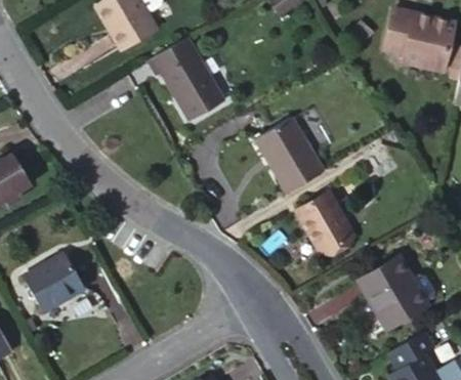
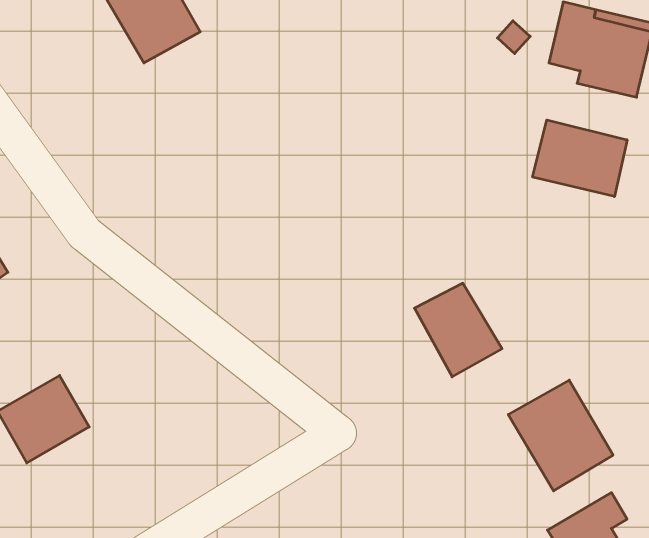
building: [146,38,225,122] -> none
building: none -> [533,120,627,197]
building: [254,117,325,194] -> none

